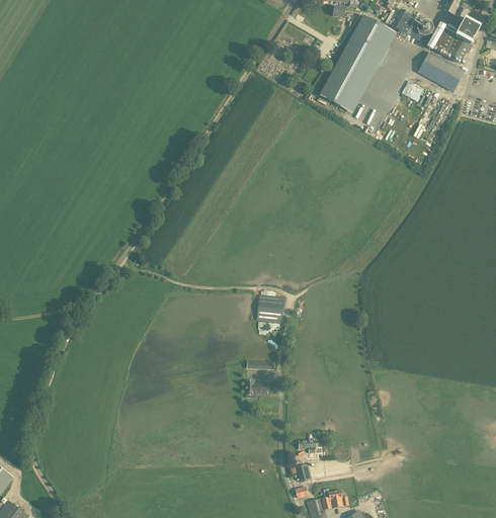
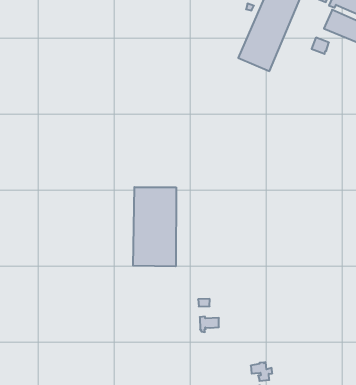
building: none -> [133,187,176,266]
building: [256,293,284,322] -> none

